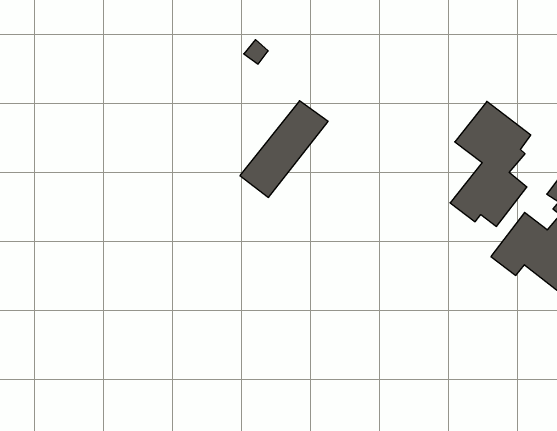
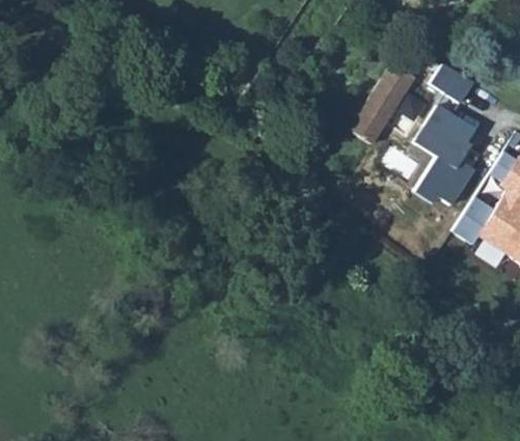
building: none -> [431,63,474,104]
building: [240,101,328,197] -> [349,62,416,143]

